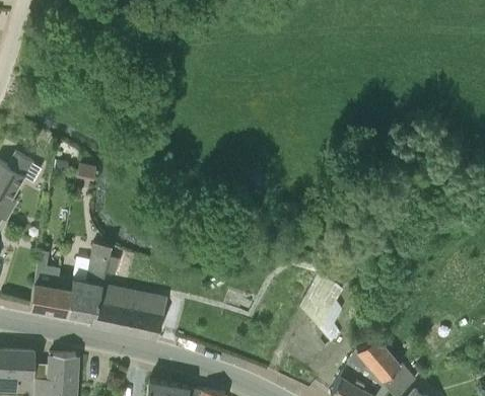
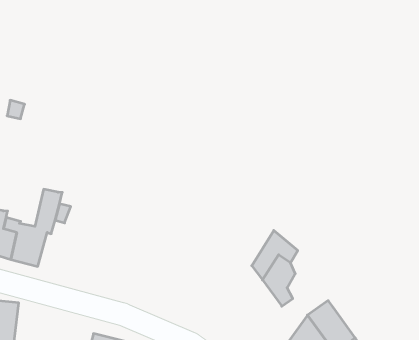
building: [91,285,165,338] -> none

